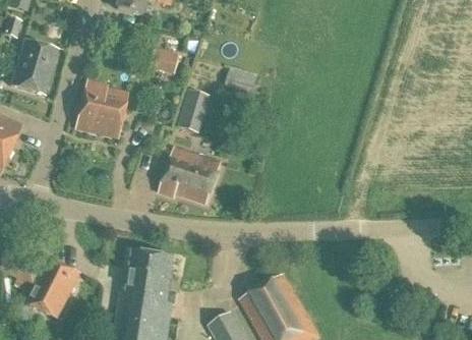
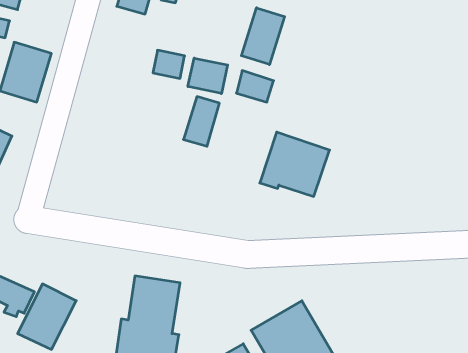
building: none -> [241,8,285,65]
building: none -> [188,58,228,94]
building: [74,79,128,136] -> none
building: [158,146,221,204] -> [260,132,330,196]

